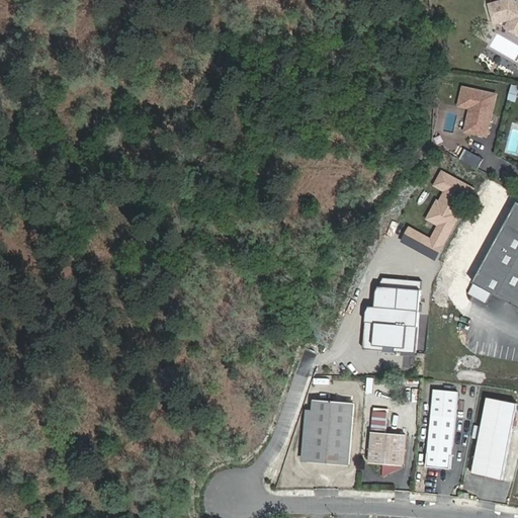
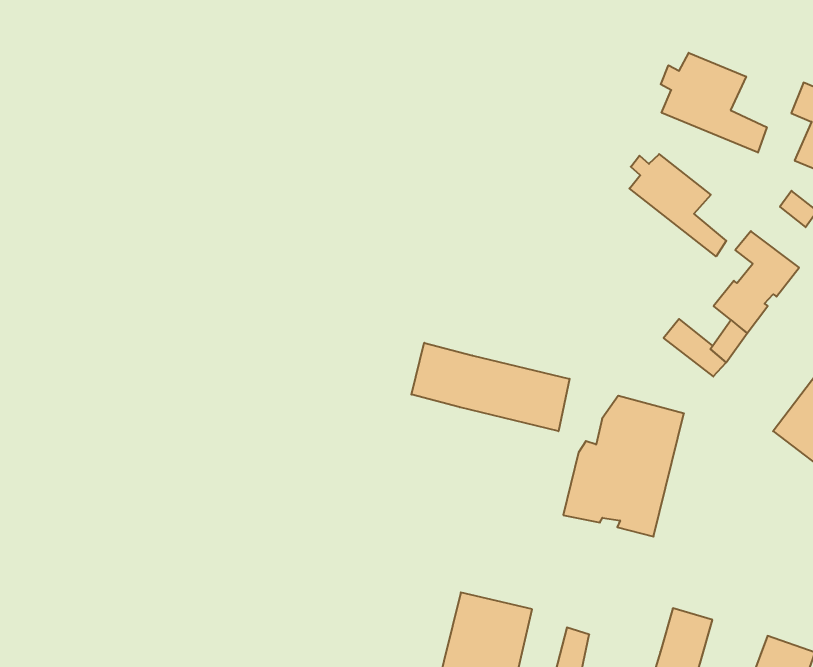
building: none -> [661,53,767,153]
building: none -> [629,154,726,256]
building: none -> [411,343,570,431]

